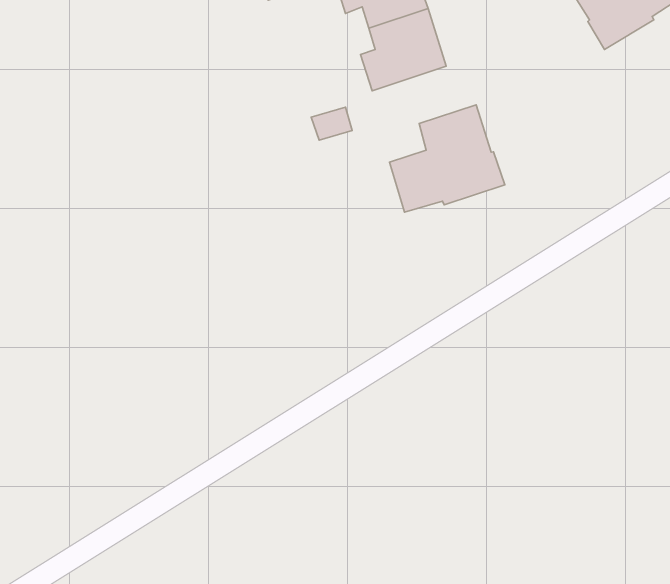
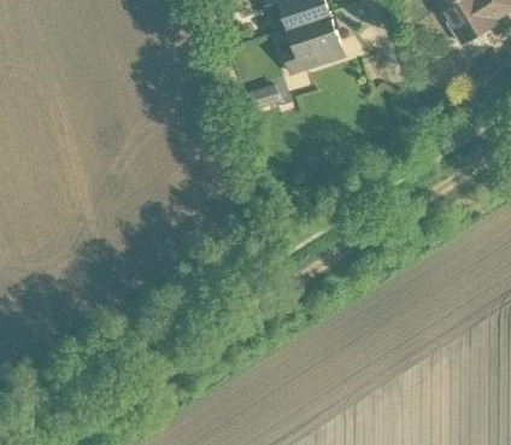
building: [390,105,505,212] -> none

